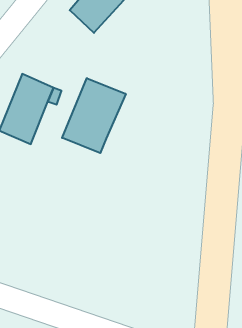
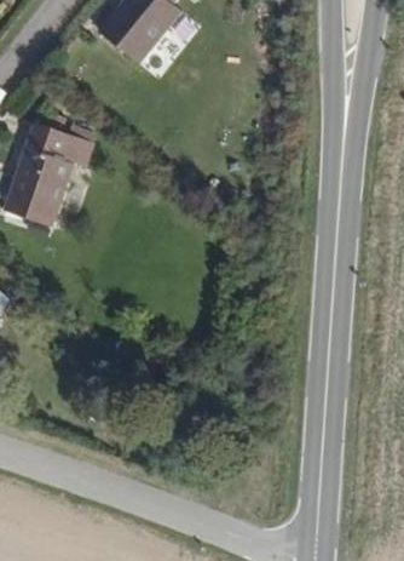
building: [62,78,126,153] -> none

